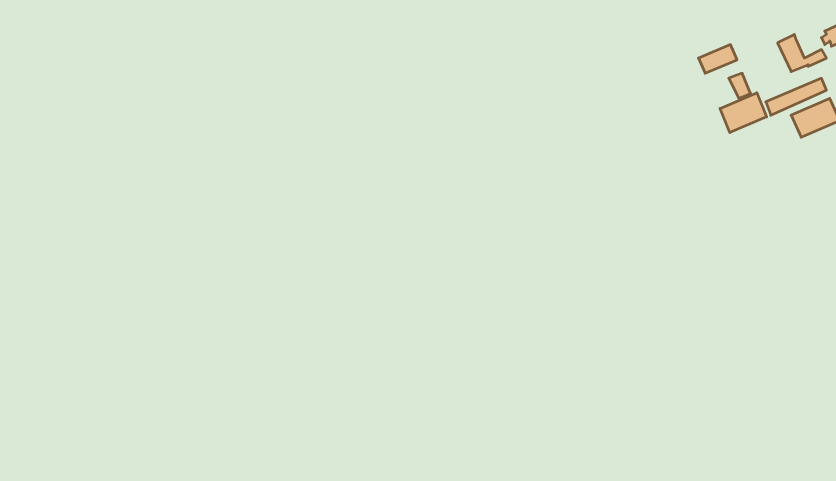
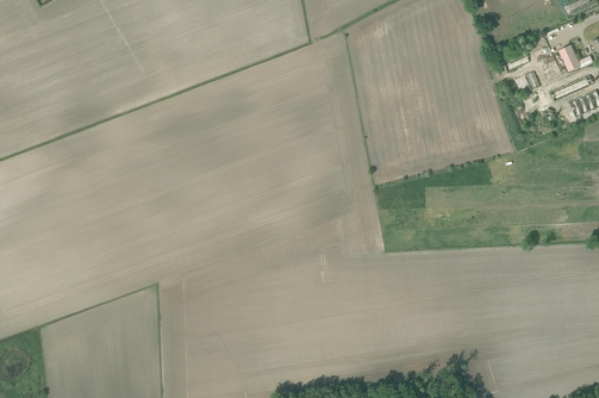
building: [720,93,767,133] -> none

